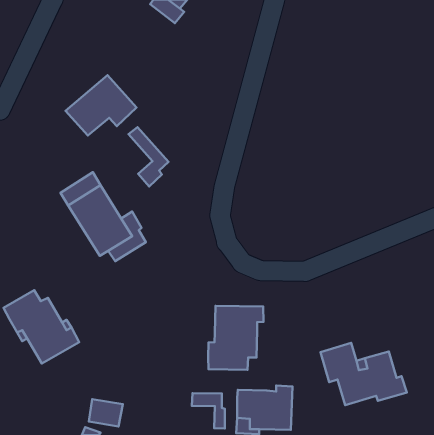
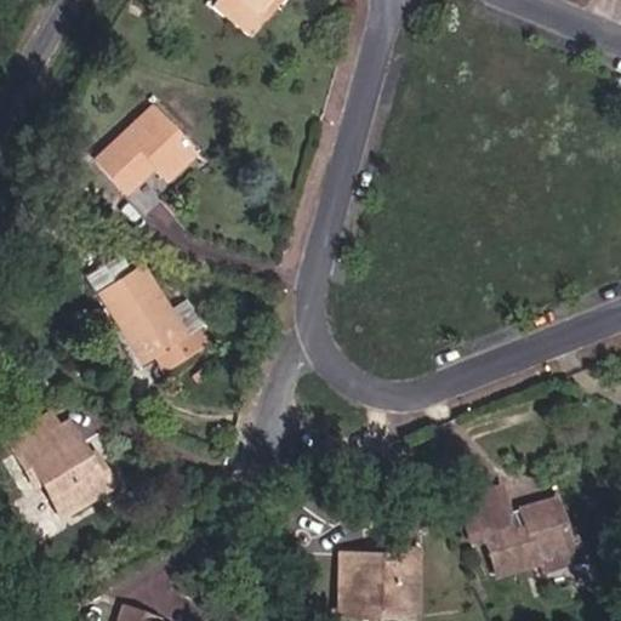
building: [129,127,168,186] -> none
building: [208,306,263,370] -> none
building: [192,393,225,428] -> none

